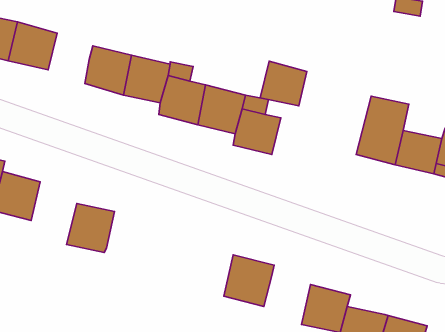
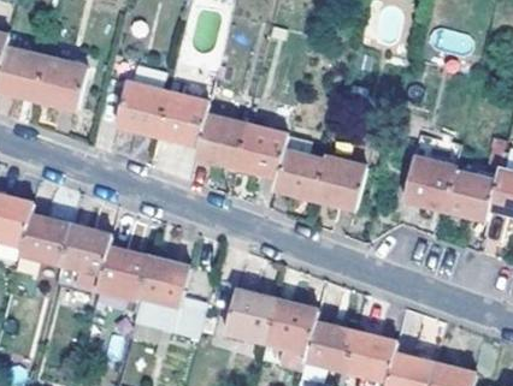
building: [260,61,307,106] -> [311,156,360,203]
building: none -> [57,224,107,290]
building: none -> [136,255,185,304]
building: none -> [220,291,270,344]
building: none -> [300,322,352,374]

